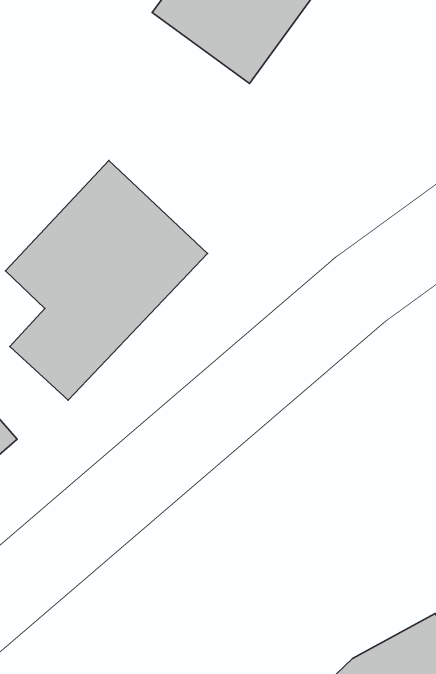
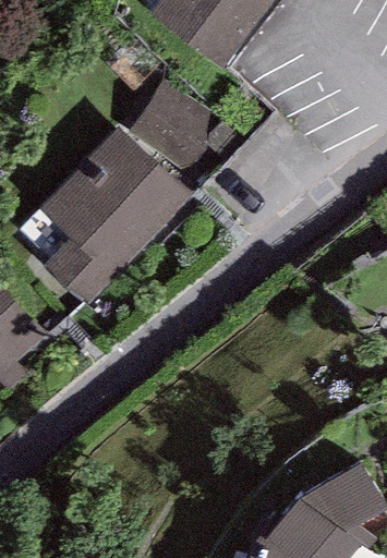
building: none -> [129,82,222,172]

